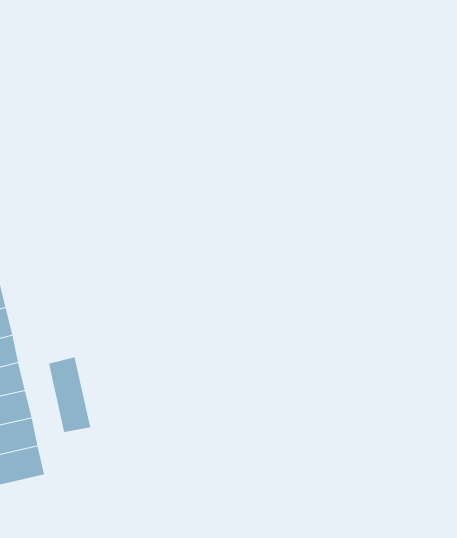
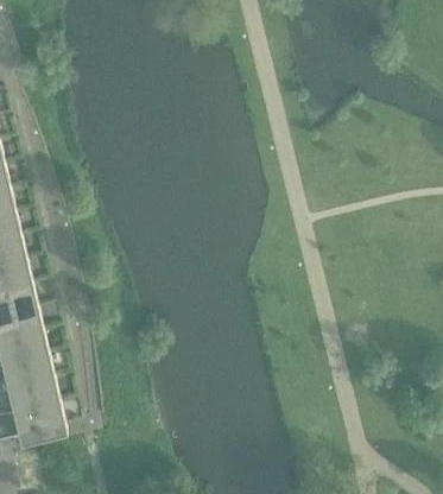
building: [49,356,91,433] -> none

